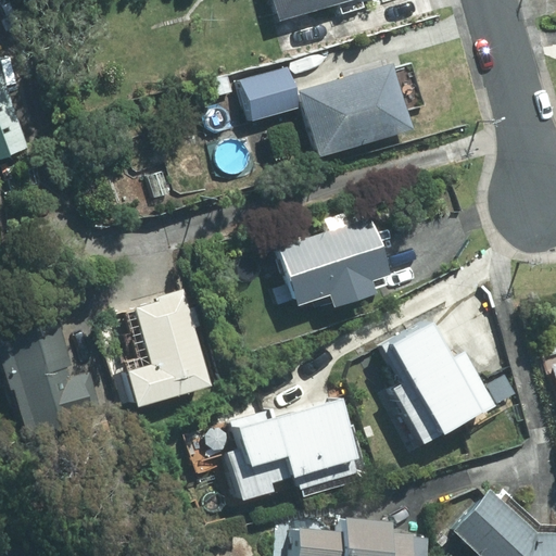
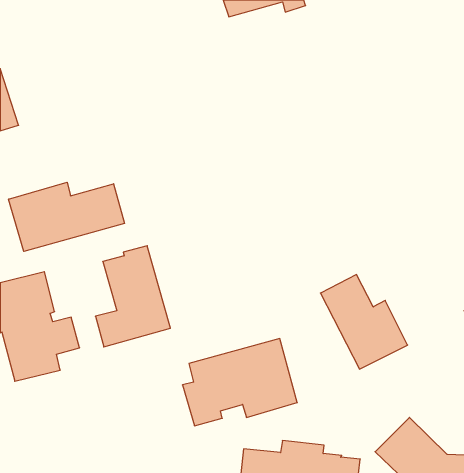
building: [242,64,416,157] -> none
building: none -> [9,182,124,251]
building: [274,218,388,307] -> none

